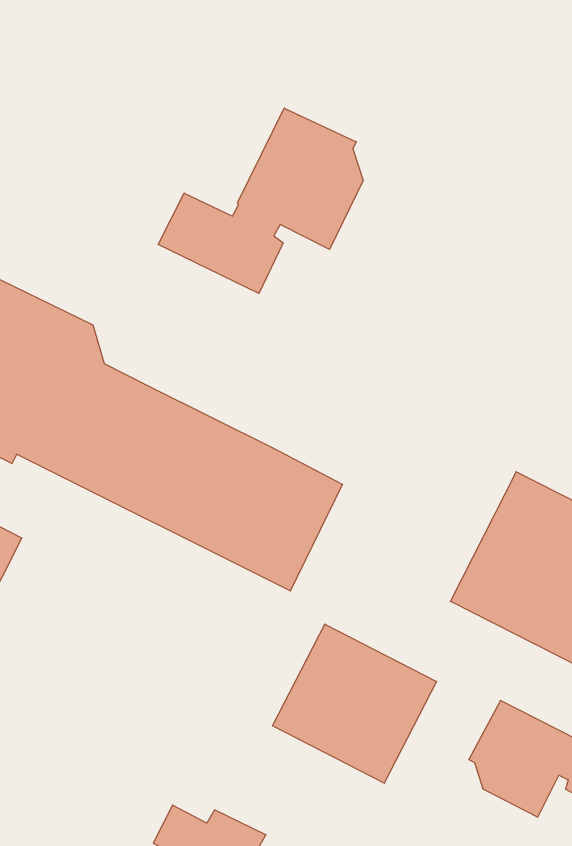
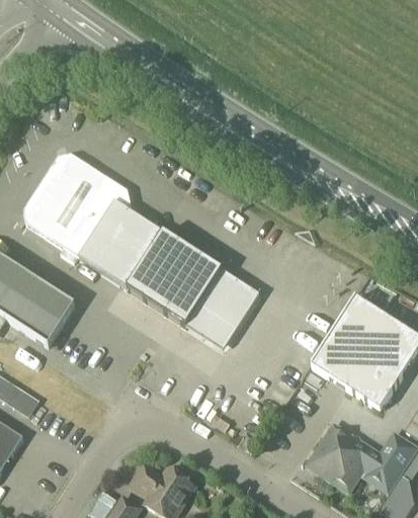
building: [158,108,363,293] -> none
building: [273,624,437,783] -> none

